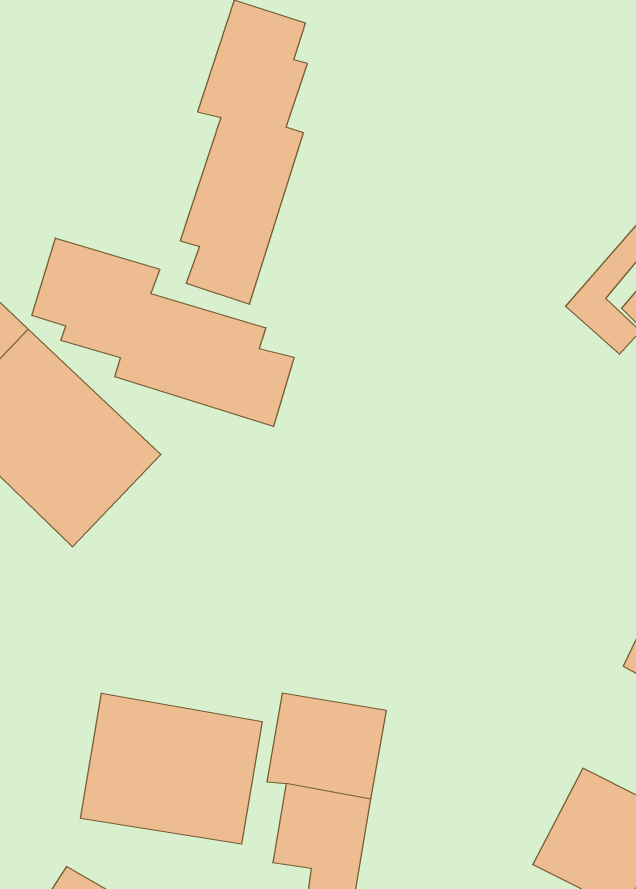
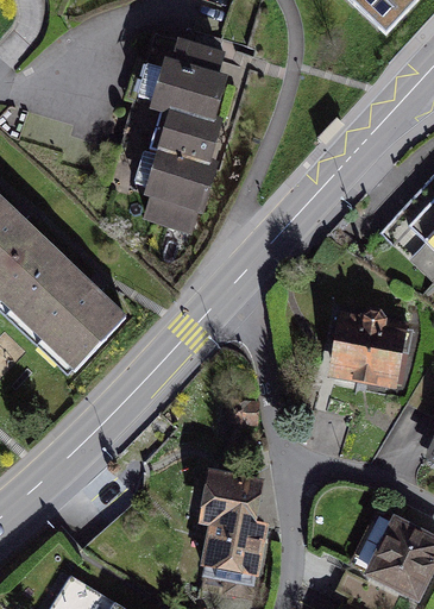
building: [32,238,294,427] -> none
building: none -> [328,316,414,385]
building: [81,693,262,844] -> none

